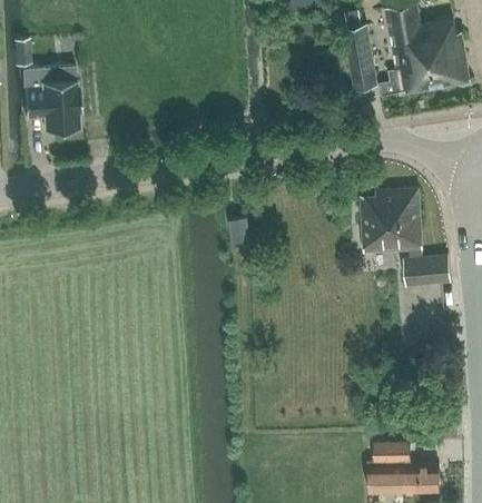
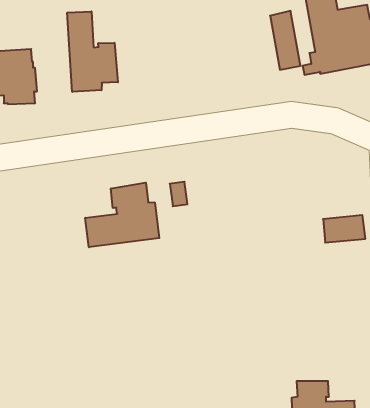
building: none -> [67,11,118,92]
building: [361,188,422,253] -> none
building: none -> [85,183,159,247]

